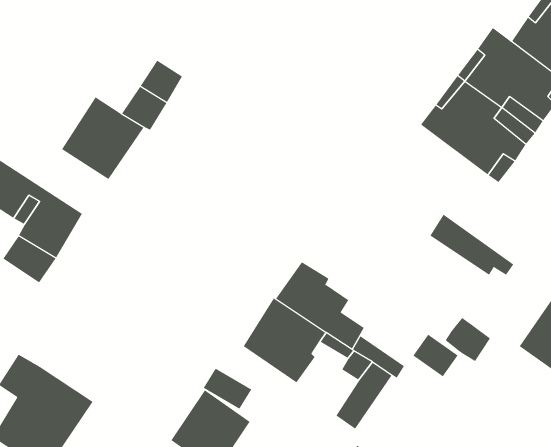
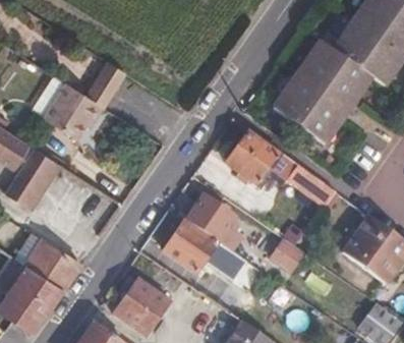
building: none -> [226,130,277,183]
building: none -> [26,241,78,288]

